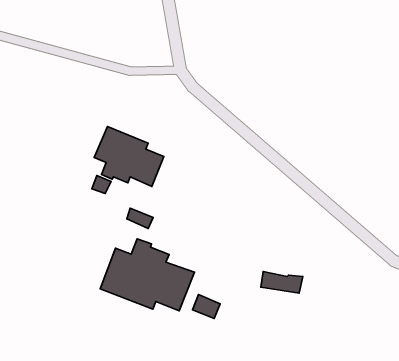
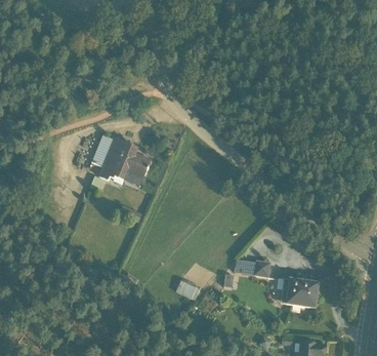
building: [100,239,194,311] -> none
building: none -> [279,277,318,308]

